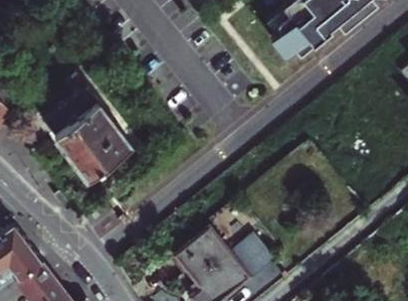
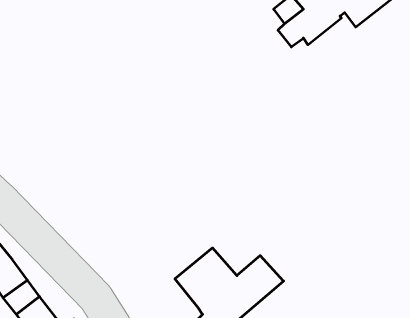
building: [39,90,132,185] -> none

